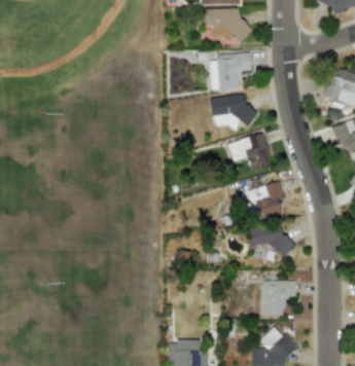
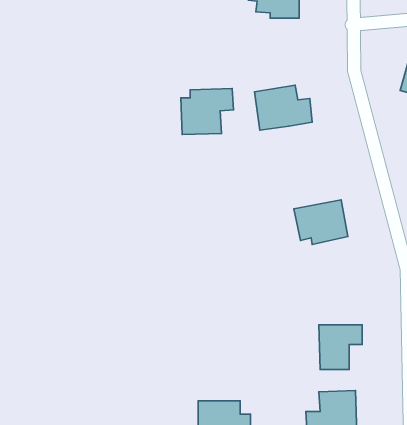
building: [210,53,251,89] -> [181,89,233,135]
building: [227,133,273,172] -> none
building: [248,227,290,249] -> none

